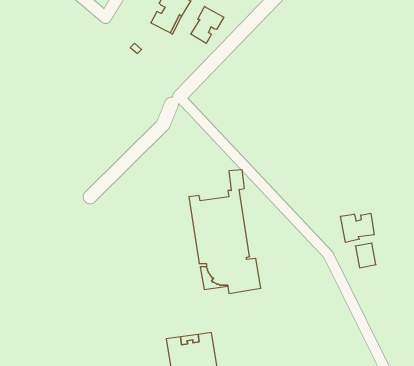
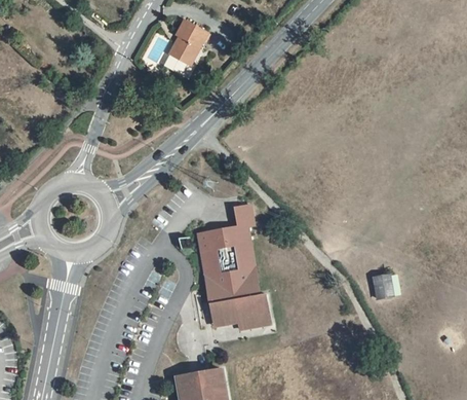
building: [191,6,224,43] -> none
building: [340,213,374,242] -> none

